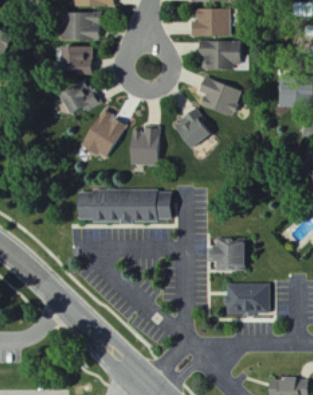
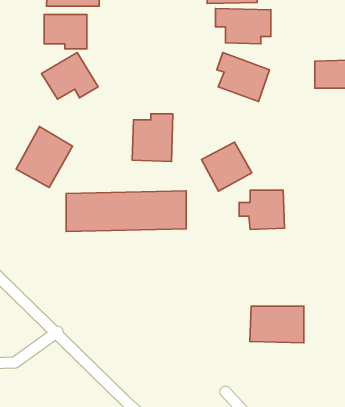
building: [81,108,127,158] -> [16,126,73,188]
building: [170,108,211,148] -> [201,142,252,191]
building: [205,239,242,271] -> [239,190,285,229]

